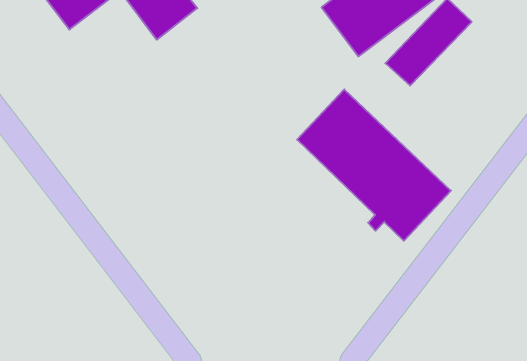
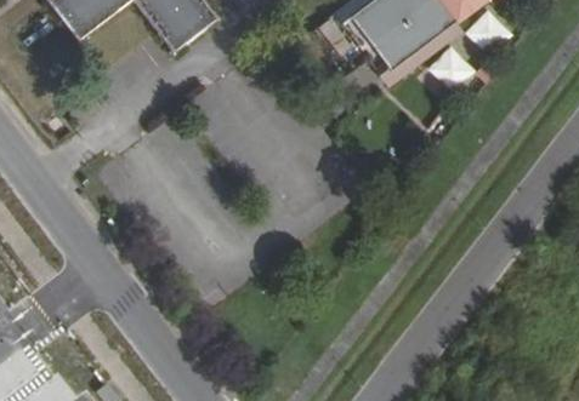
building: [297,89,451,241] -> none

